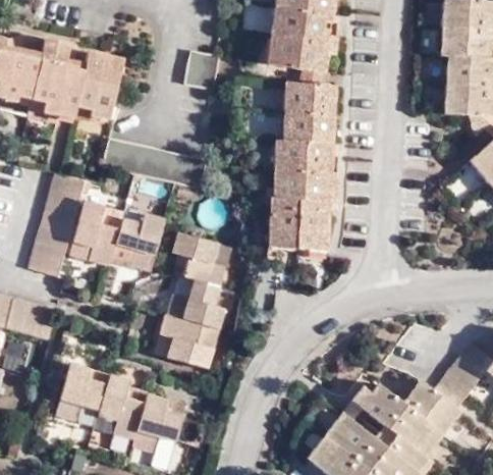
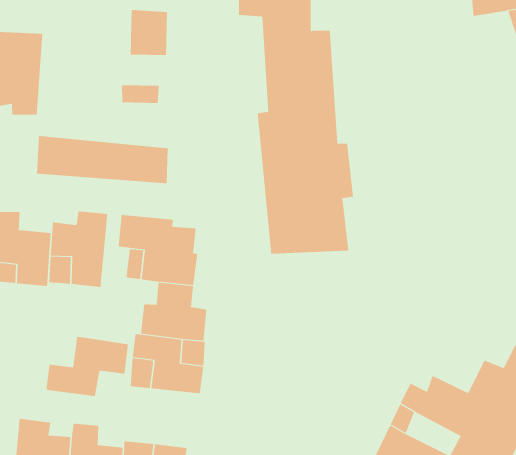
building: none -> [46,336,129,397]

